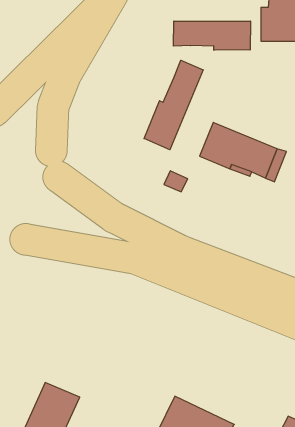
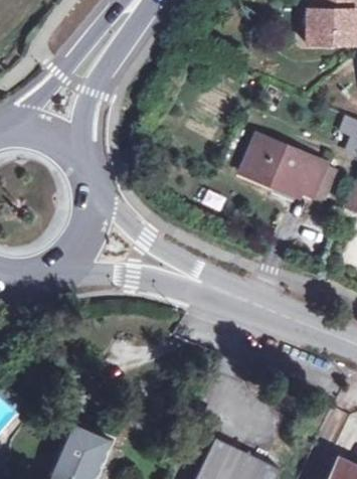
building: [174,21,250,50] -> none
building: [144,60,203,150] -> none

